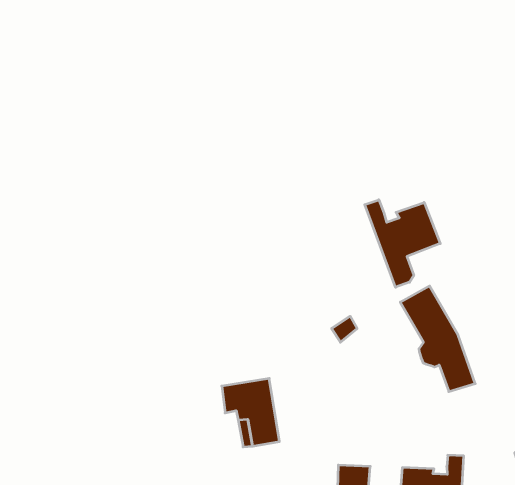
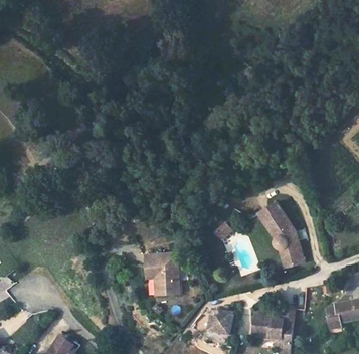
building: [365,200,440,287] -> none

